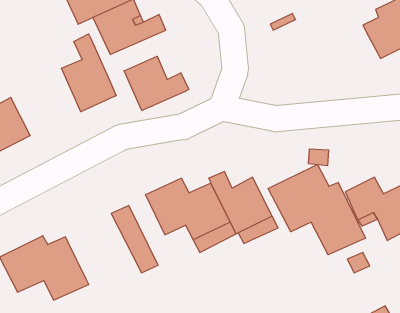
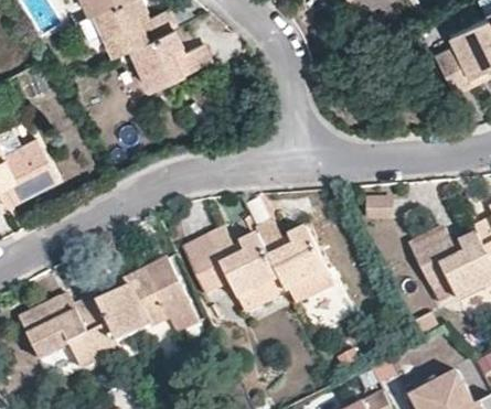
building: [62,34,116,112] -> none
building: [124,56,189,111] -> none
building: [268,165,365,255] -> none
building: none -> [96,267,169,341]

